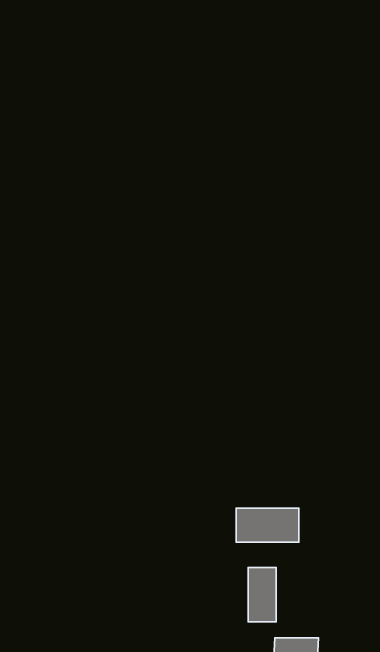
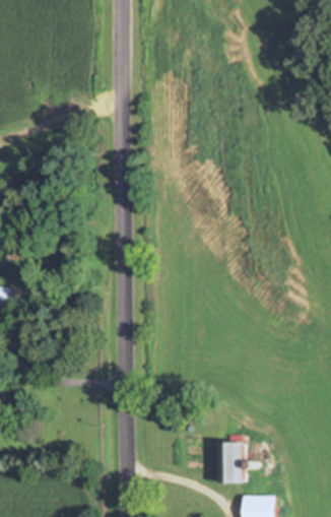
building: [236,508,299,542] -> none

